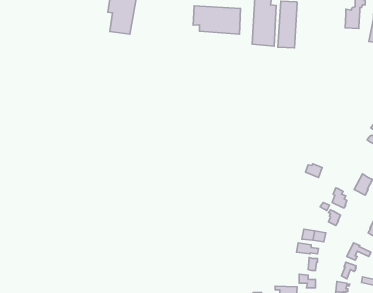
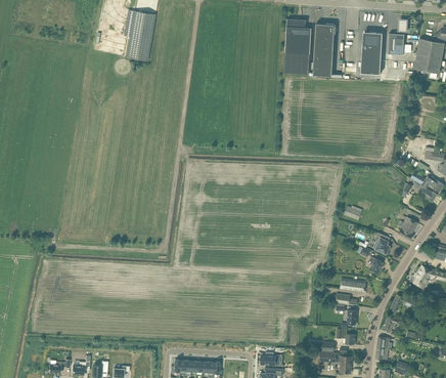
building: [193,6,241,34] -> none
building: none -> [361,32,383,74]

